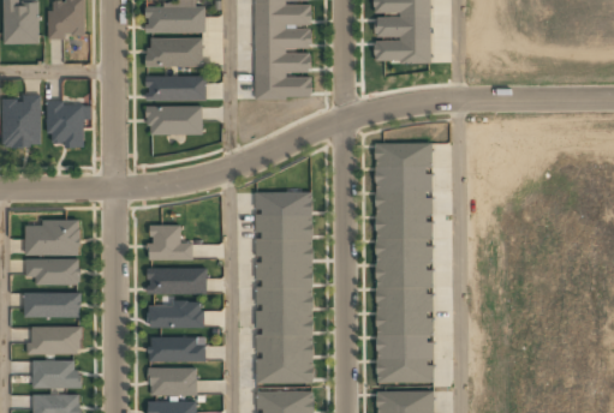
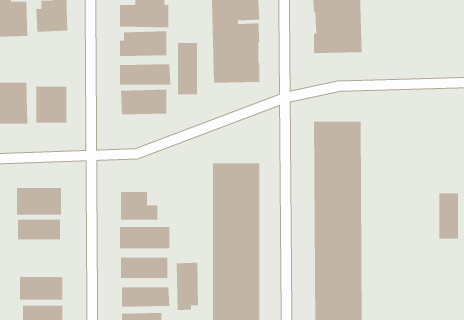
building: none -> [178,42,197,95]
building: none -> [439,193,459,239]
building: [25,292,79,316] -> none
building: none -> [176,262,199,311]

